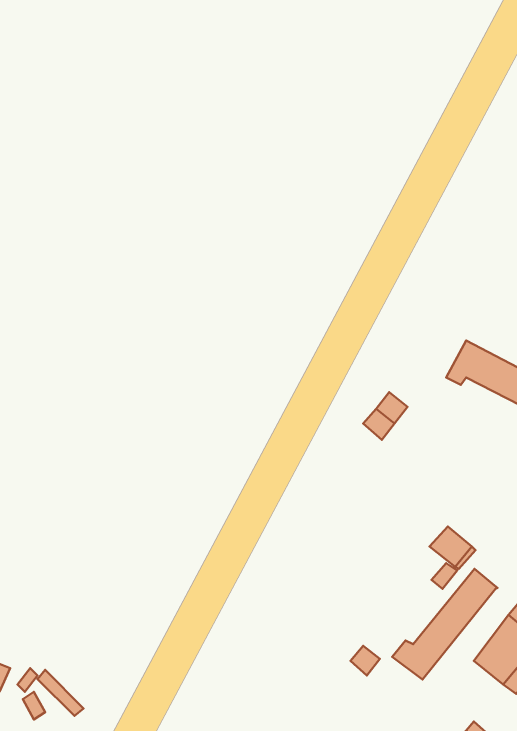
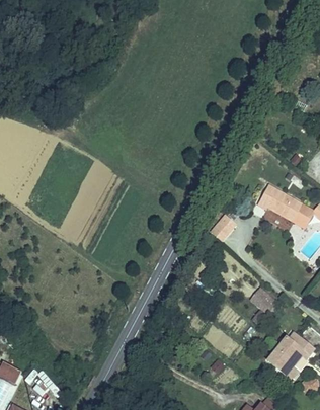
building: [392,569,497,679] -> none

